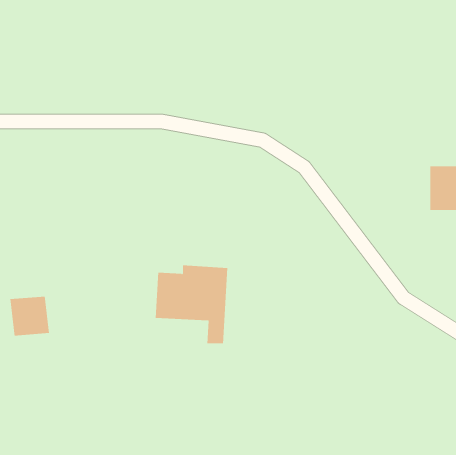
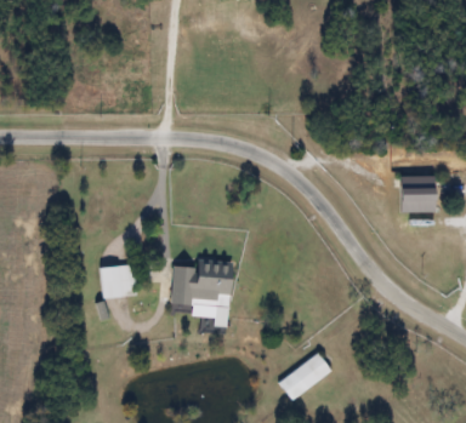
building: [10,296,50,336] -> [100,264,133,298]
building: none -> [278,351,329,401]

